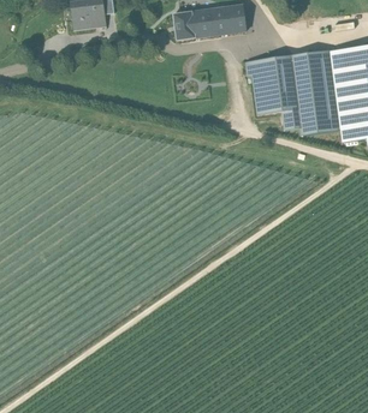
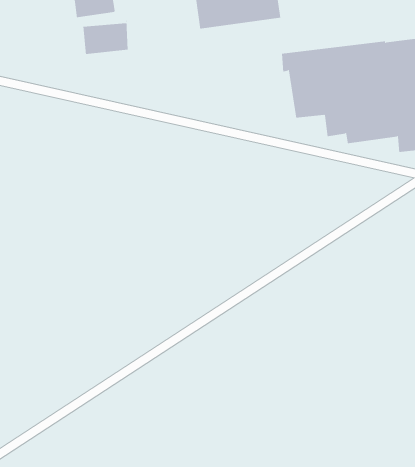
building: none -> [83,20,128,55]

